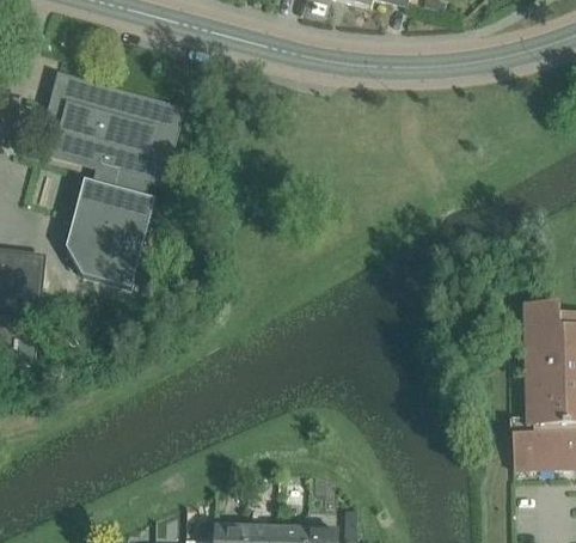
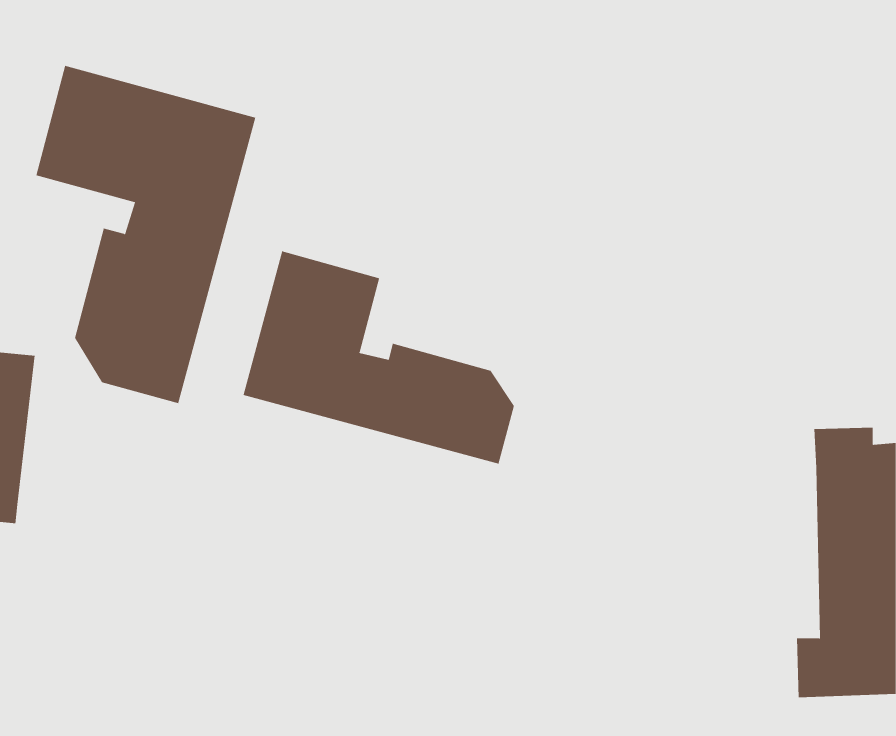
building: none -> [243,251,514,465]

